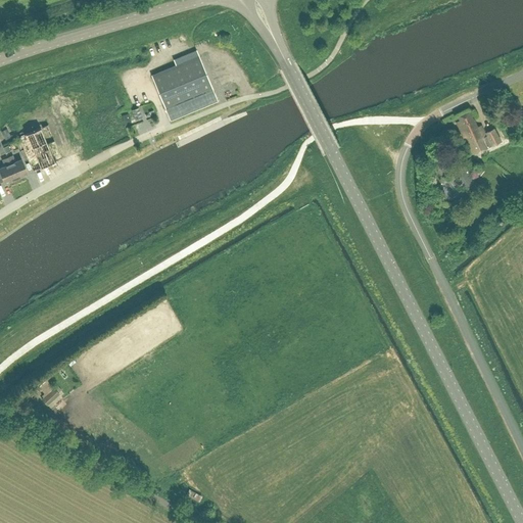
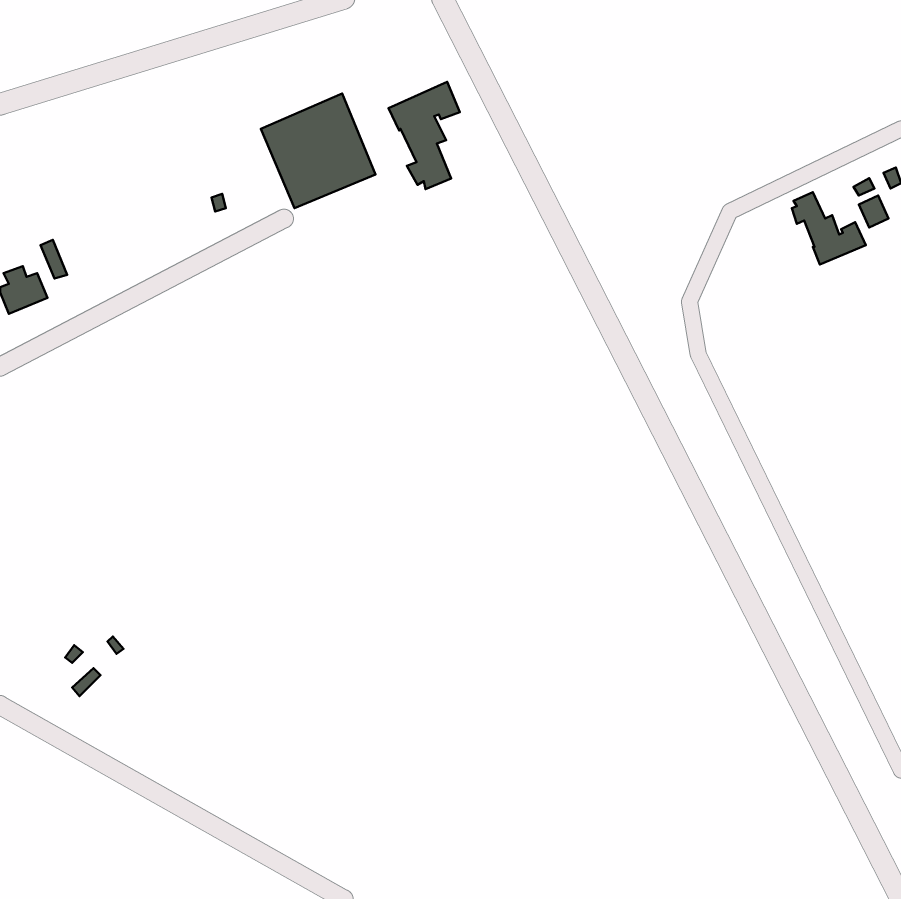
building: none -> [389,82,460,189]

